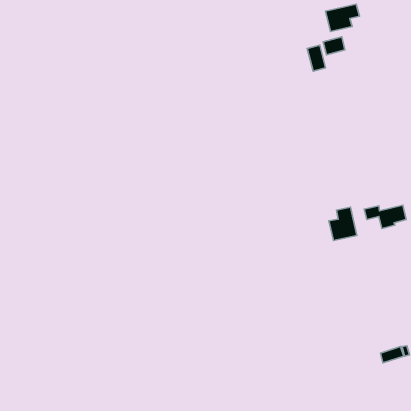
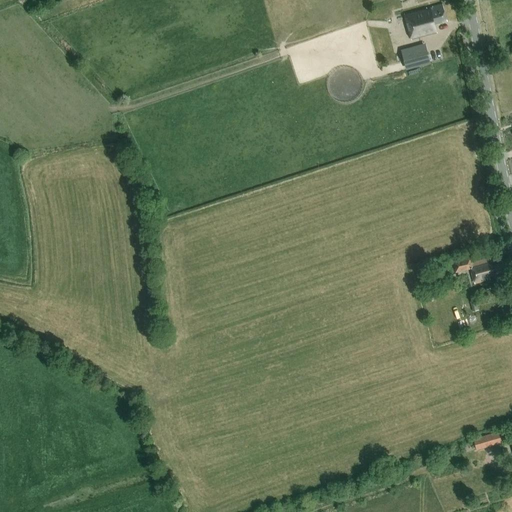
building: [307,45,326,71] -> none
building: [329,207,357,241] -> none

